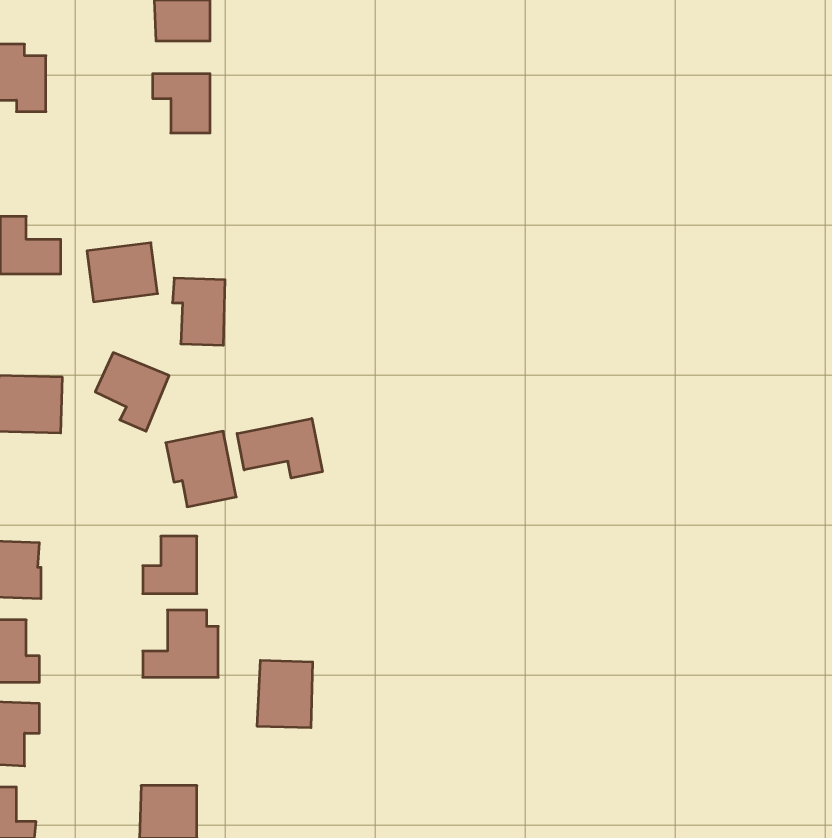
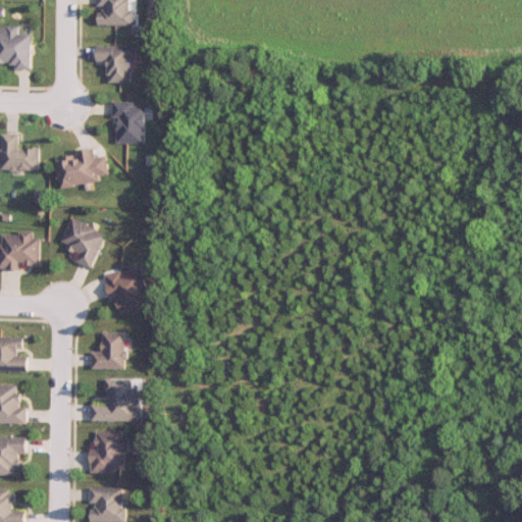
building: [172,278,225,345] -> [111,103,144,145]
building: [237,418,322,478] -> none
building: [257,660,313,728] -> [90,431,124,473]

